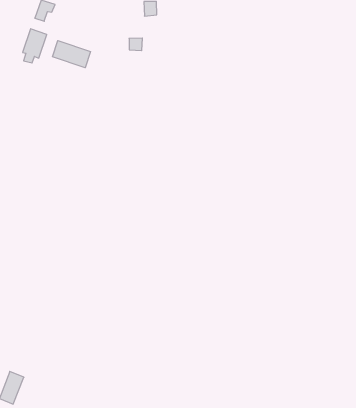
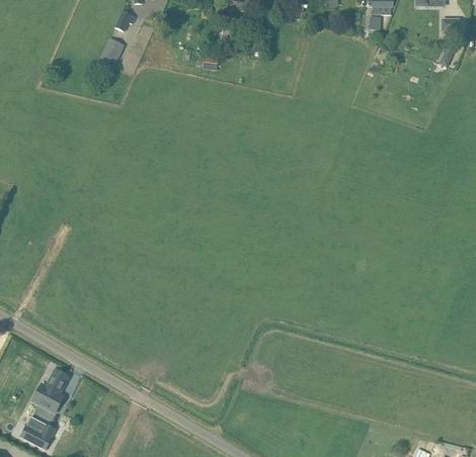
building: [52,41,90,68] -> none

